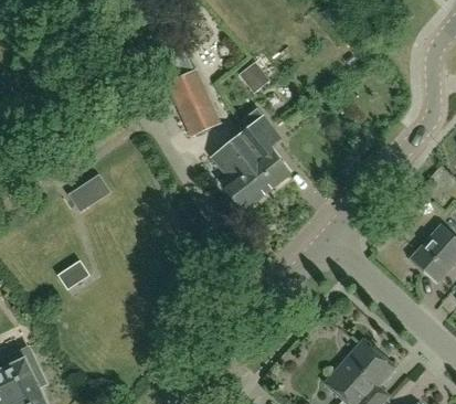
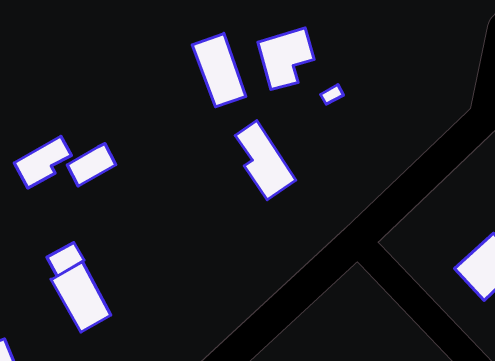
building: [230,127,291,191] -> none
building: none -> [14,136,71,188]
building: none -> [51,262,111,332]

